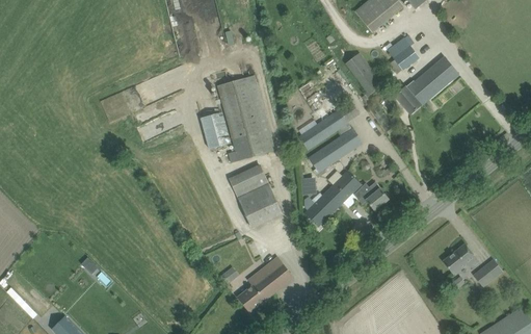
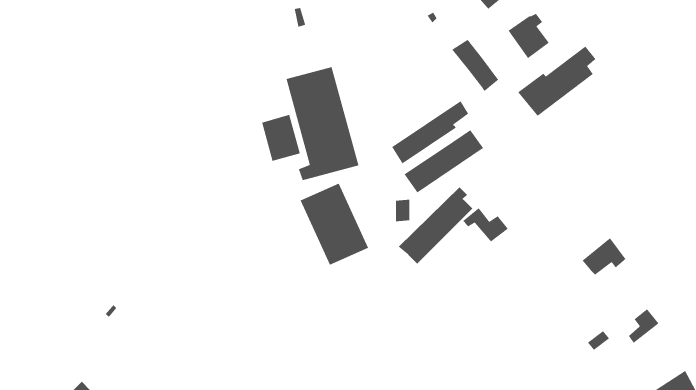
building: [443,243,477,273] -> [581,237,627,275]
building: [238,257,293,311] -> none

